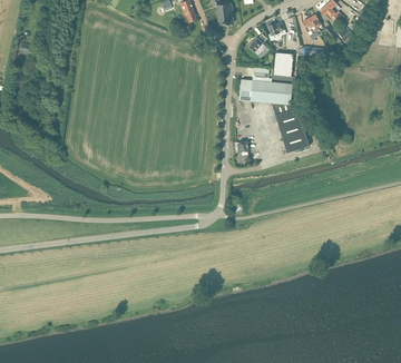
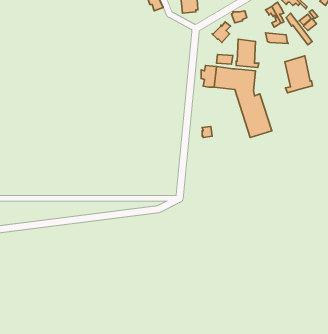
building: none -> [285,56,312,93]

